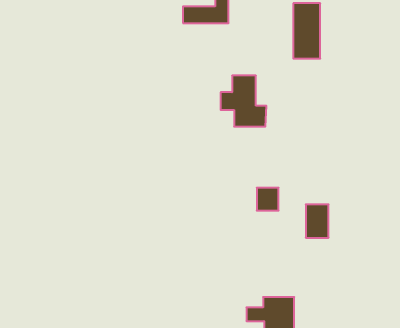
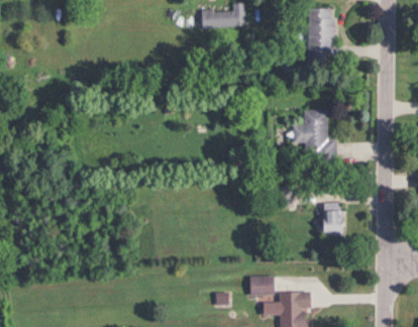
building: [221,76,266,127] -> [292,109,336,158]
building: none -> [249,277,273,294]

